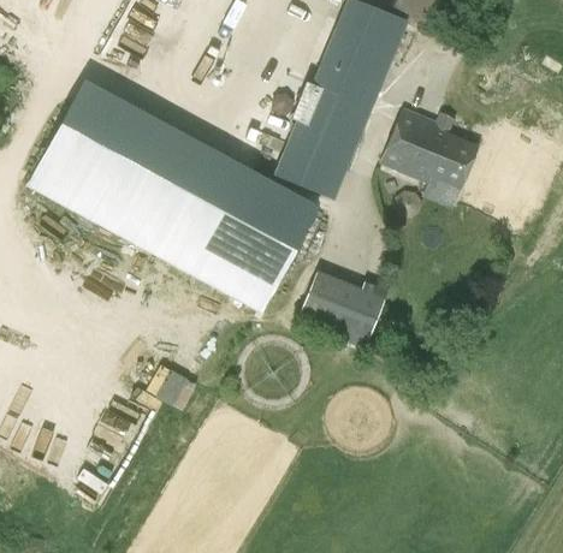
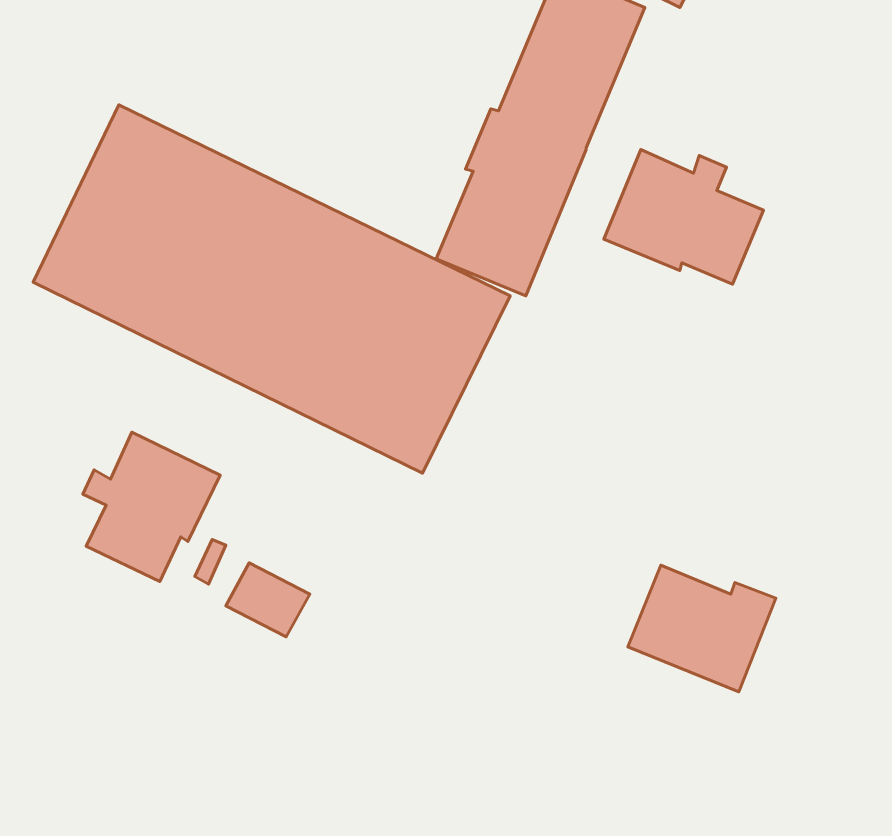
building: [298,269,390,347] -> [628,565,776,692]
building: none -> [83,432,220,582]

